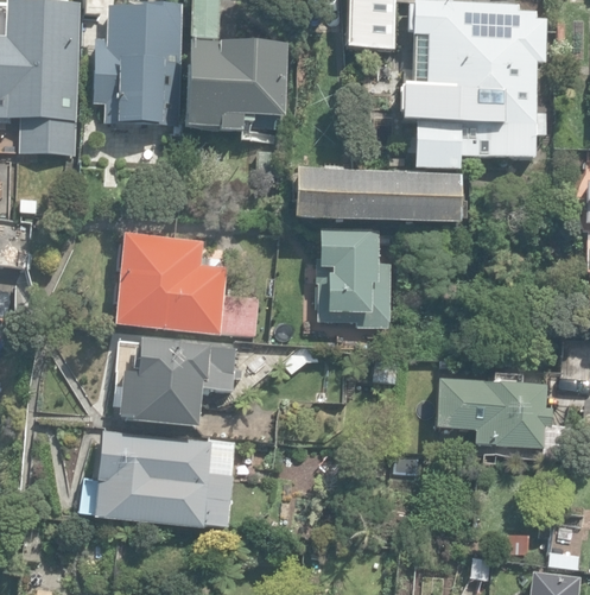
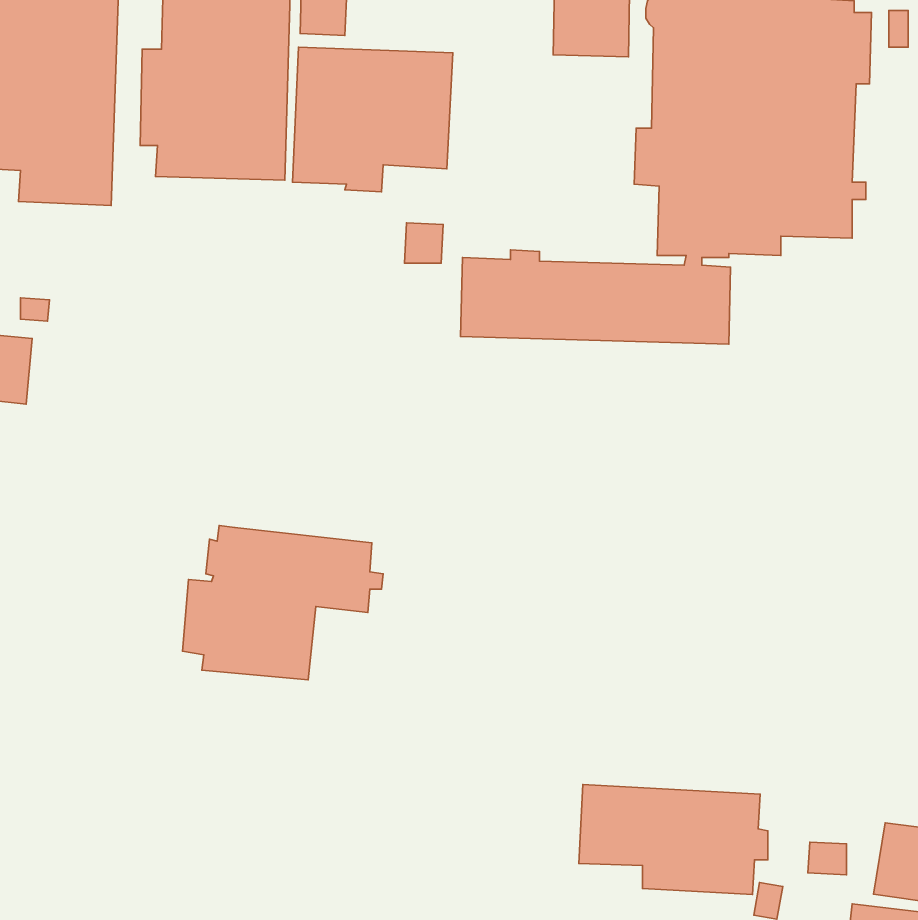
building: [315,230,391,331] -> none
building: [107,233,256,331] -> none
building: [436,378,552,445] -> [579,784,768,894]
building: [96,429,235,525] -> none

